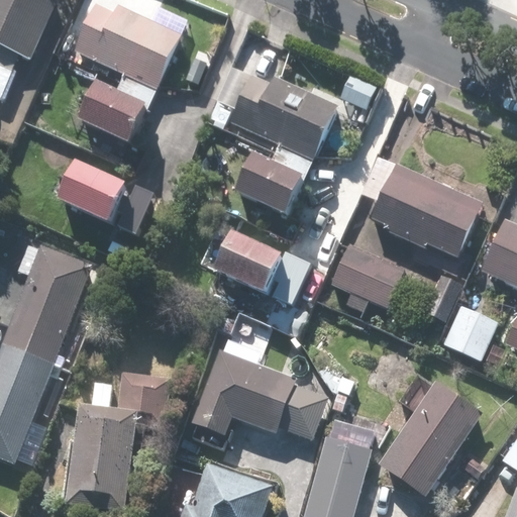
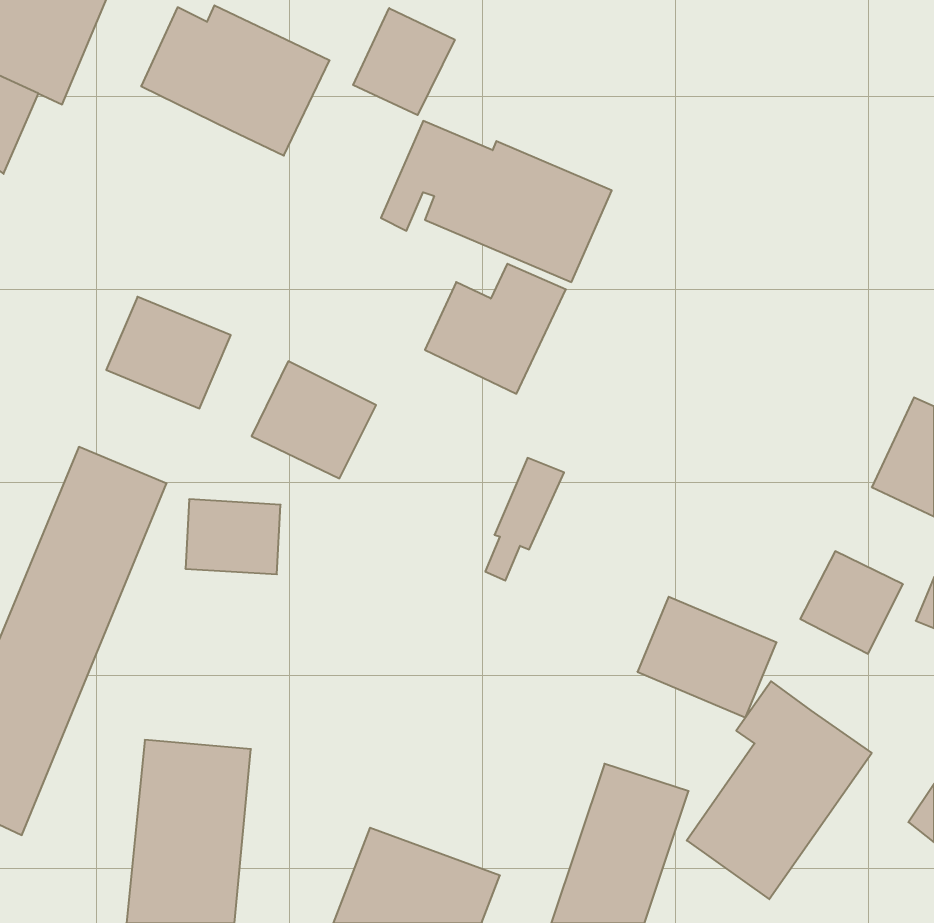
building: none -> [353,8,455,115]
building: [80,72,157,144] -> none
building: [361,157,482,258] -> none
building: [213,232,282,297] -> [252,361,376,478]
building: [327,243,404,310] -> [637,597,777,718]
building: [192,319,331,441] -> none
building: [117,372,170,413] -> [185,499,281,574]

